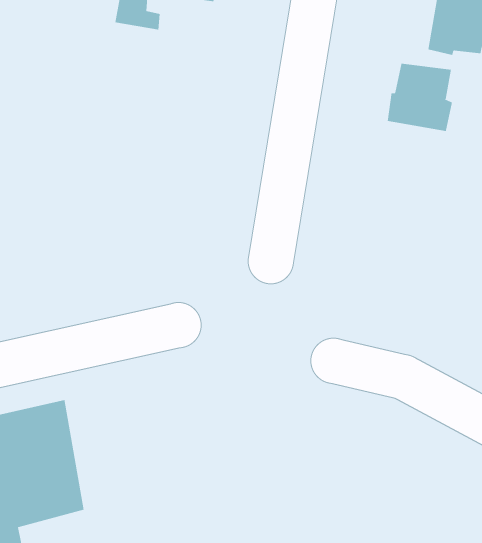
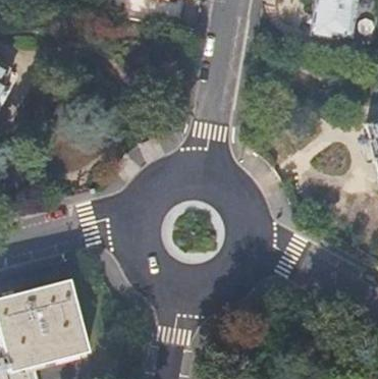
building: [387,63,452,132] -> none

